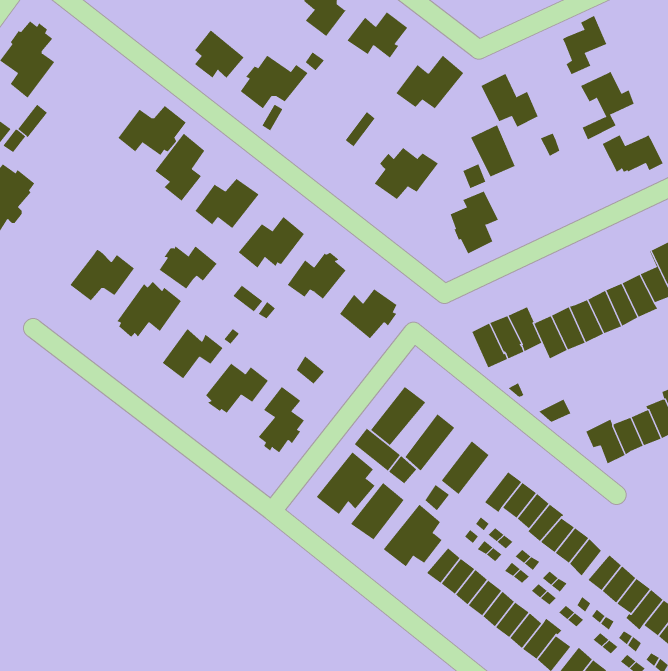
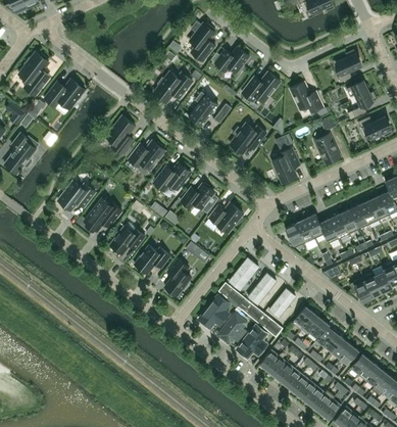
building: [194,30,244,78] -> none
building: none -> [189,92,218,126]
building: [117,105,190,156] -> [45,80,86,108]
building: [470,125,515,177] -> [314,134,340,163]
building: [159,246,217,289] -> none

